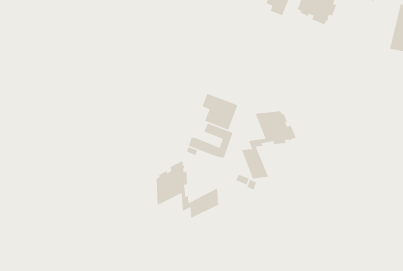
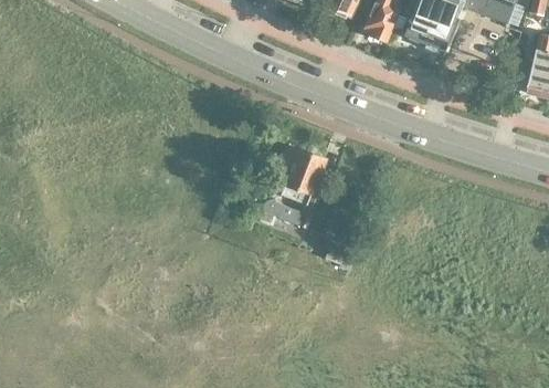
building: [241,110,297,179] -> none
building: [156,160,219,219] -> none

